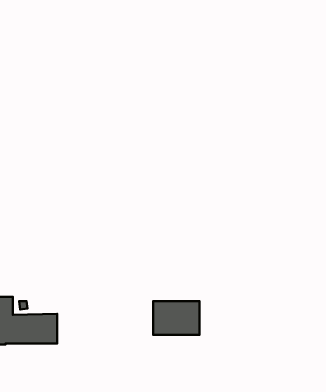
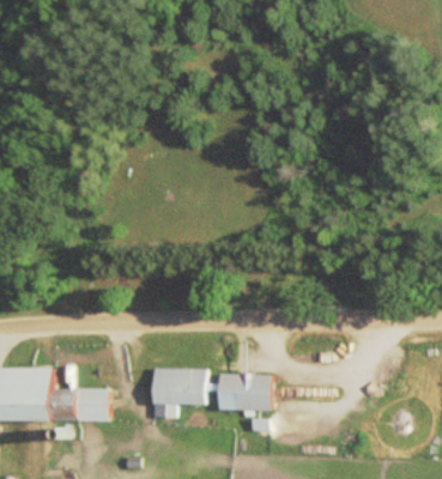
building: none -> [151,368,207,418]

